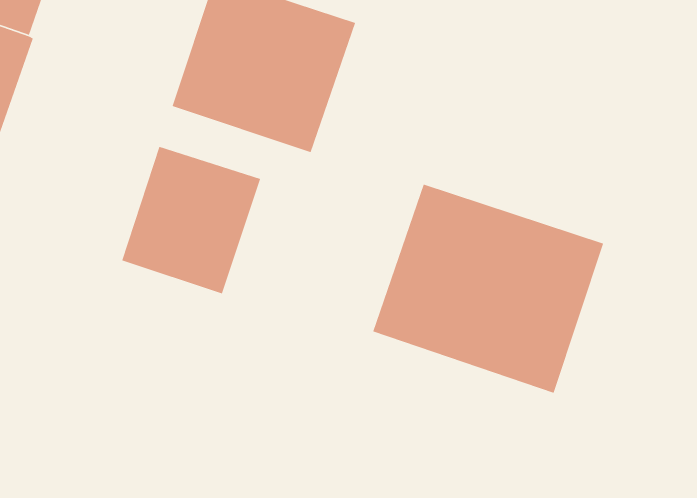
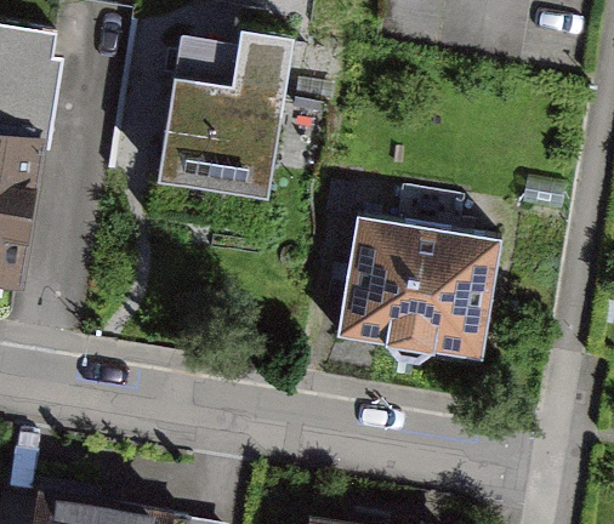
building: [121,146,261,294] -> none

